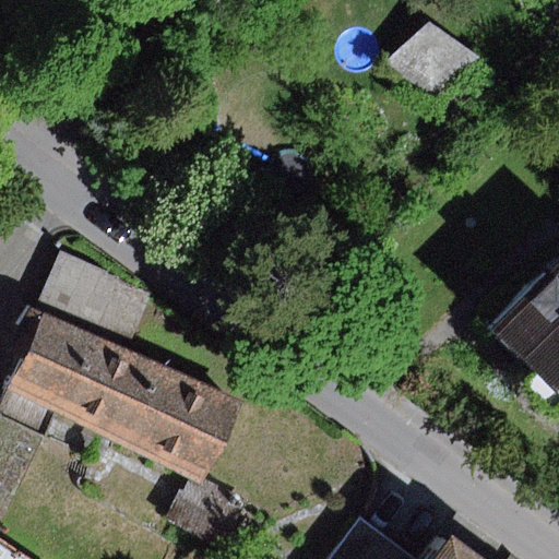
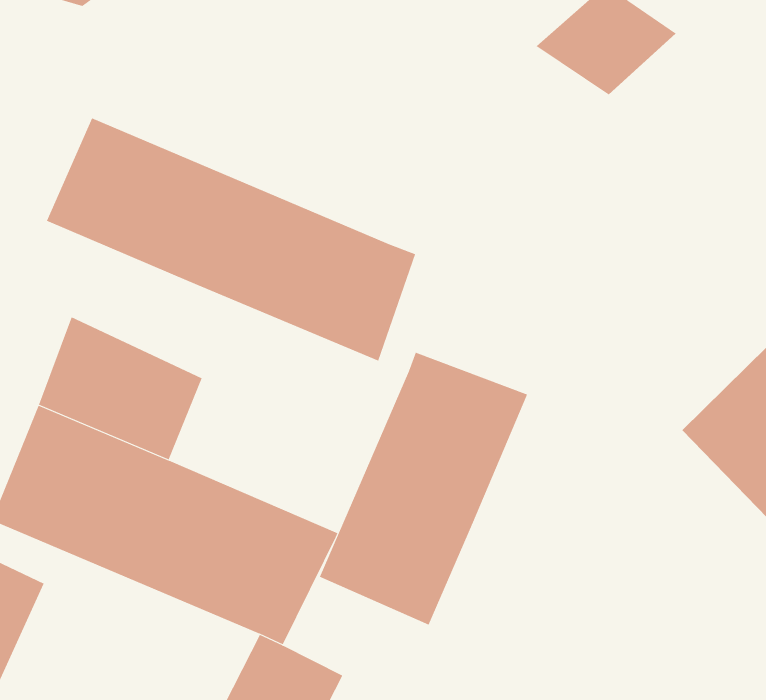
building: none -> [46,117,416,361]
building: none -> [319,352,528,625]

